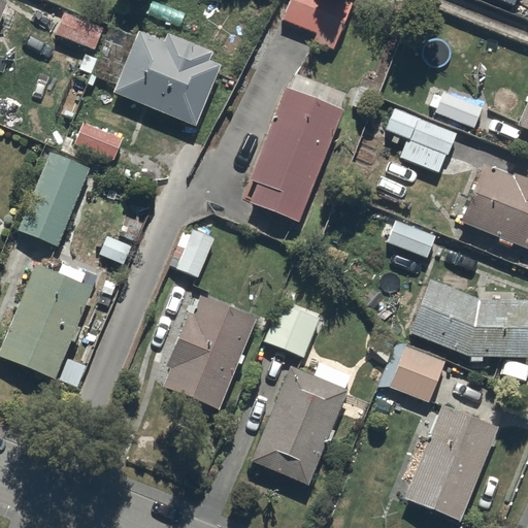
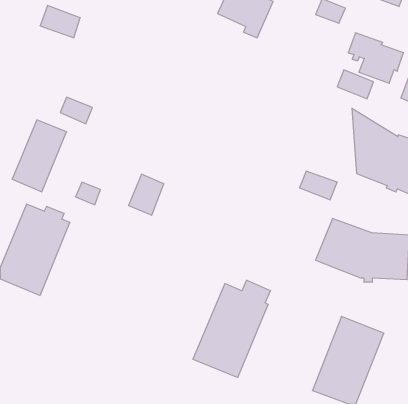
building: [112,32,220,126] -> none
building: [250,88,342,223] -> none
building: [387,105,458,170] -> [348,33,404,83]
building: [163,291,256,404] -> none
building: [262,298,321,356] -> none
building: [385,338,447,402] -> none

